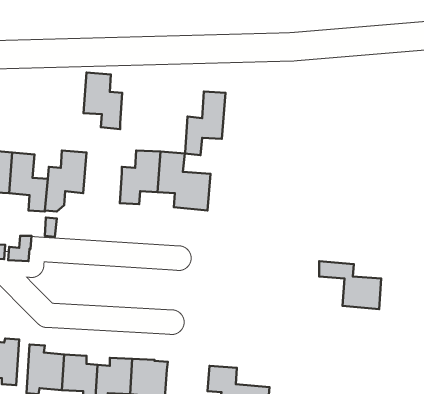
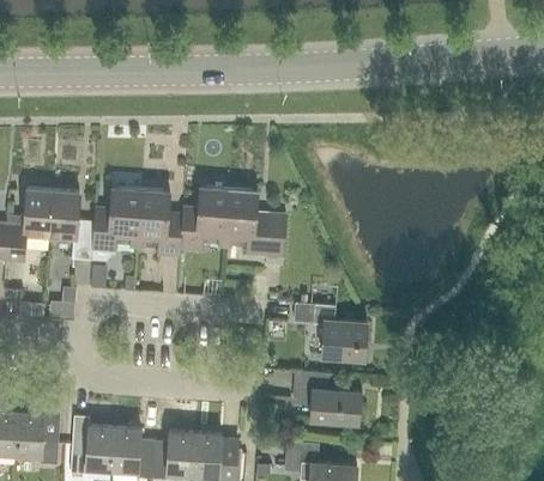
building: [84,72,122,129] -> [137,190,182,257]
building: [185,92,226,155] -> none
building: [319,261,381,309] -> [294,303,367,359]
building: none -> [292,371,361,422]

